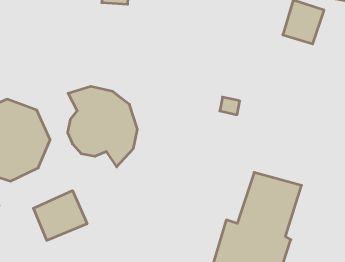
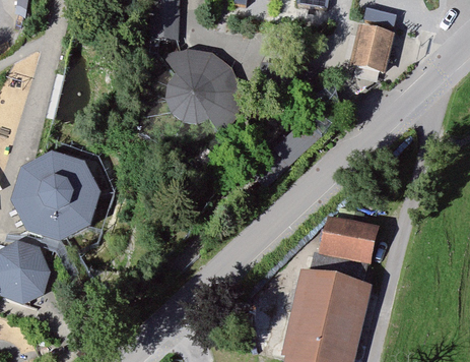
building: [68,86,137,167] -> [161,48,240,134]
building: [33,191,87,240] -> none

